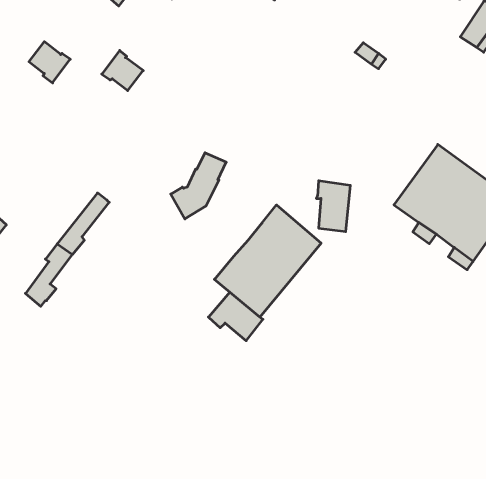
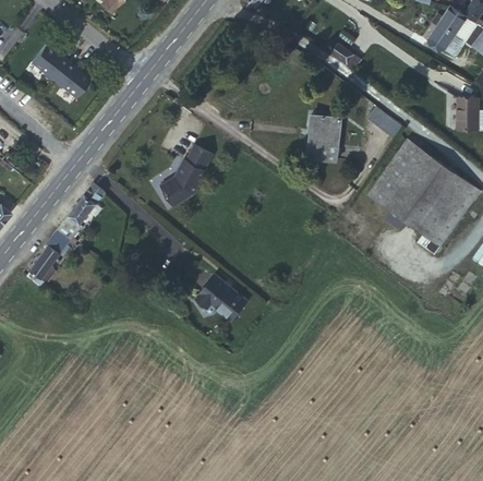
building: [102,50,143,91] -> [51,59,89,96]
building: none -> [365,105,402,137]
building: [316,181,350,232] -> [307,113,339,160]
building: [214,205,321,317] -> none

